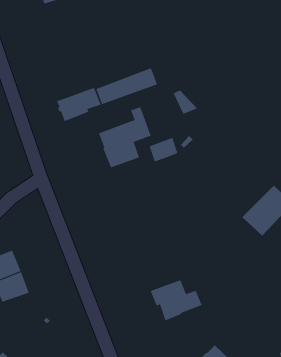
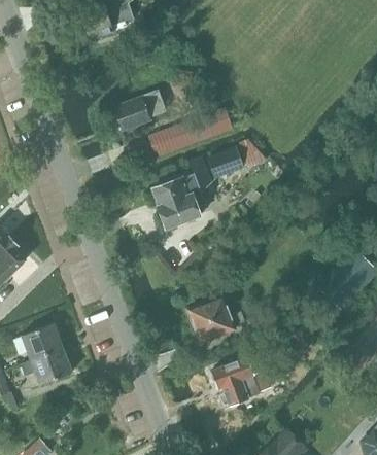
building: [56,87,102,122] -> [112,91,165,131]
building: [149,137,178,162] -> [208,148,242,177]
building: none -> [188,298,246,341]

